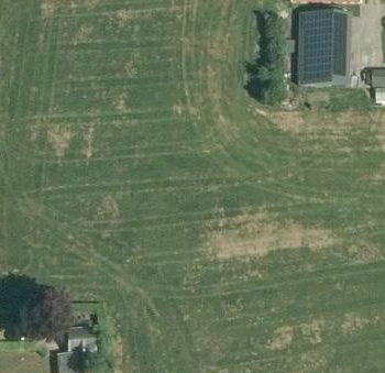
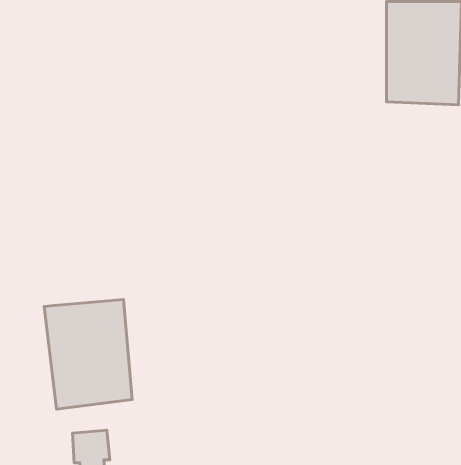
building: none -> [44,299,132,409]

